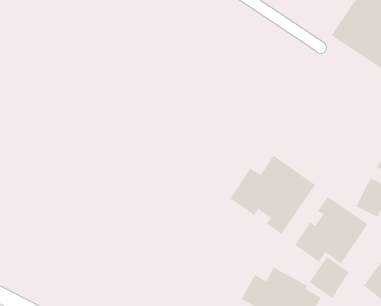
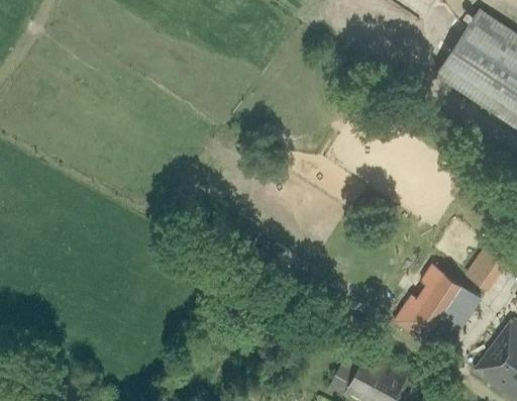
building: [230,155,316,234] -> none
building: [309,256,350,299] -> none

